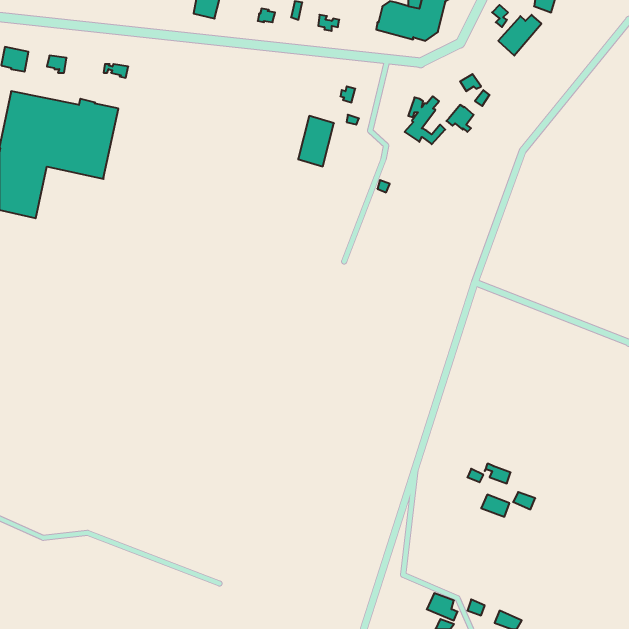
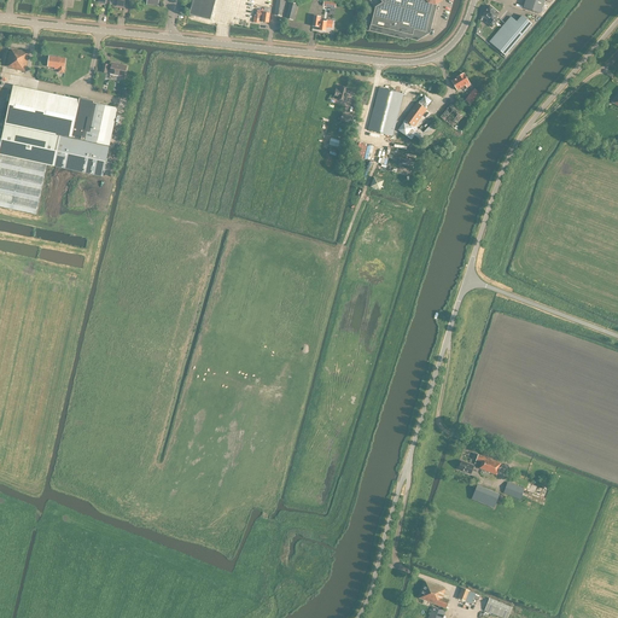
building: [298,116,334,166] -> [367,86,402,135]

